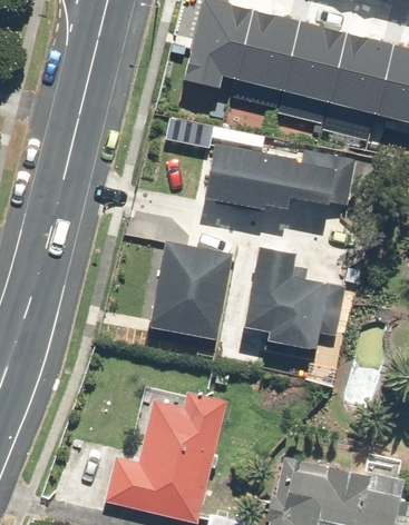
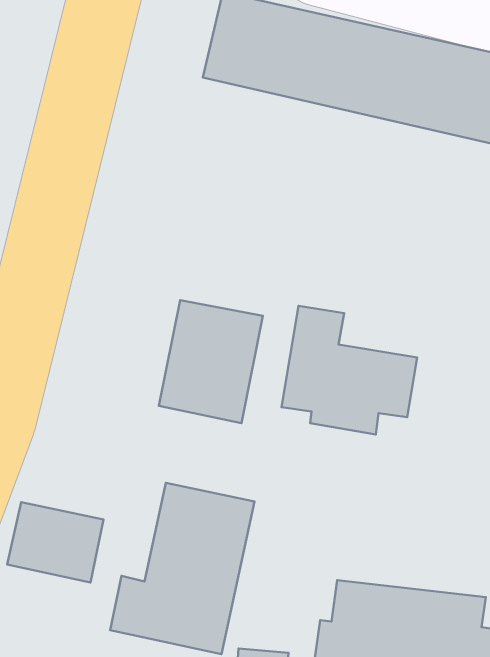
building: [199,145,356,224] -> none
building: none -> [7,502,104,582]

